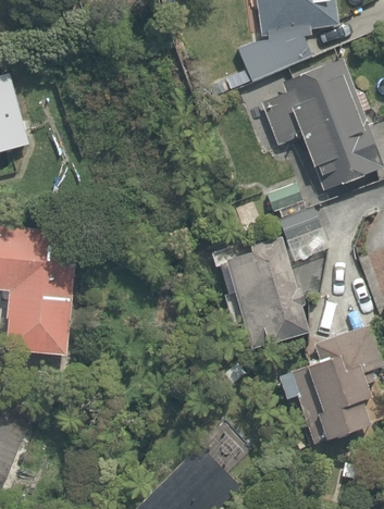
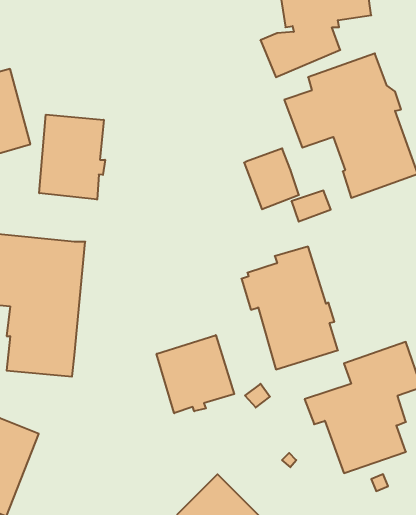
building: none -> [39,115,105,200]
building: [278,208,329,263] -> [244,148,299,209]
building: none -> [157,335,234,413]

